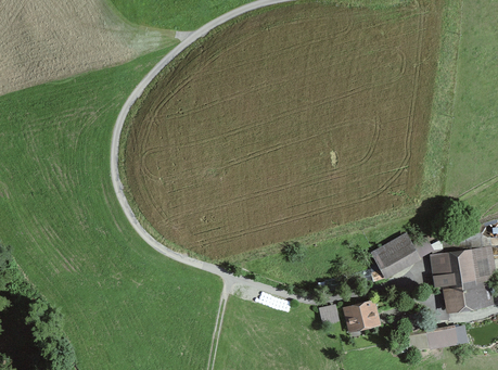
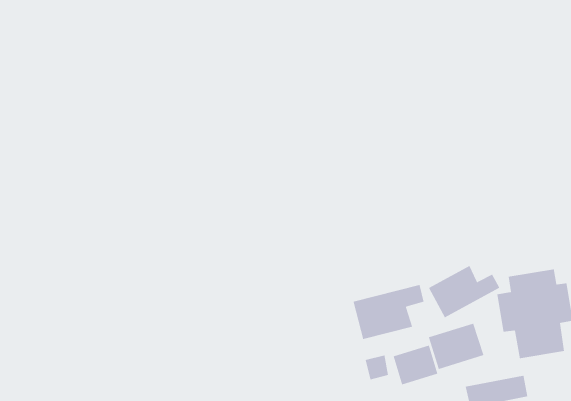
building: none -> [353,284,424,340]
building: none -> [428,323,484,370]

